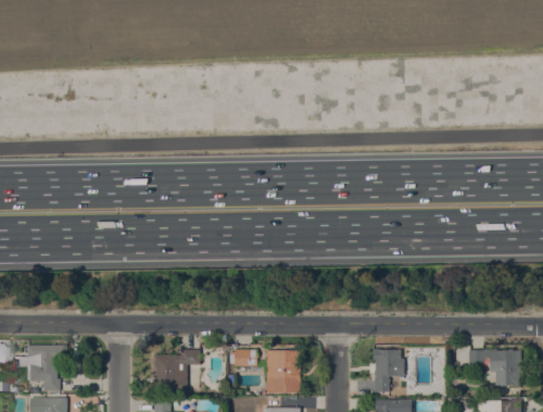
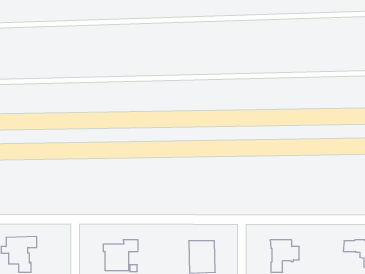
building: [229,350,257,366] -> none

